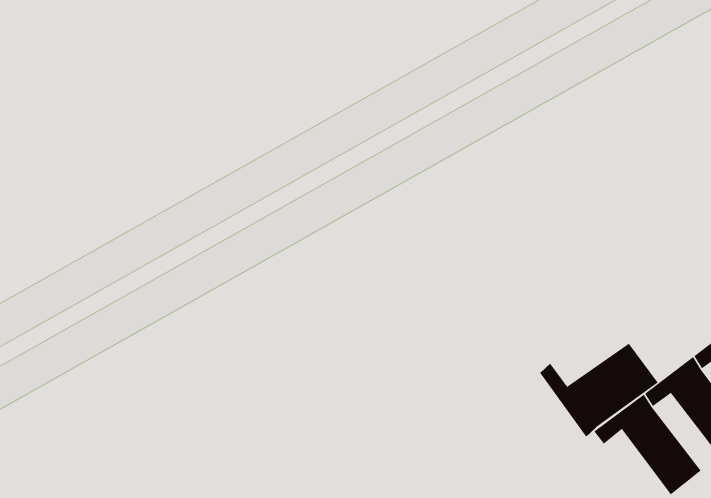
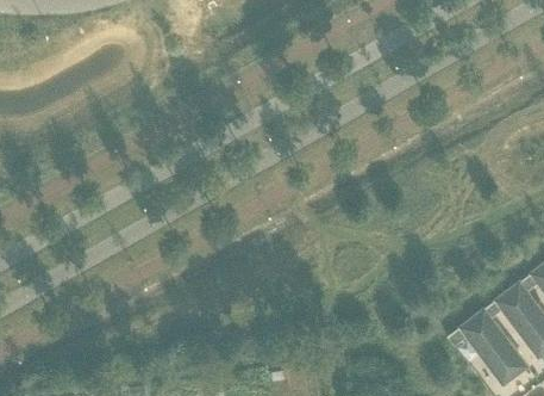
building: [539,343,658,437] -> none

